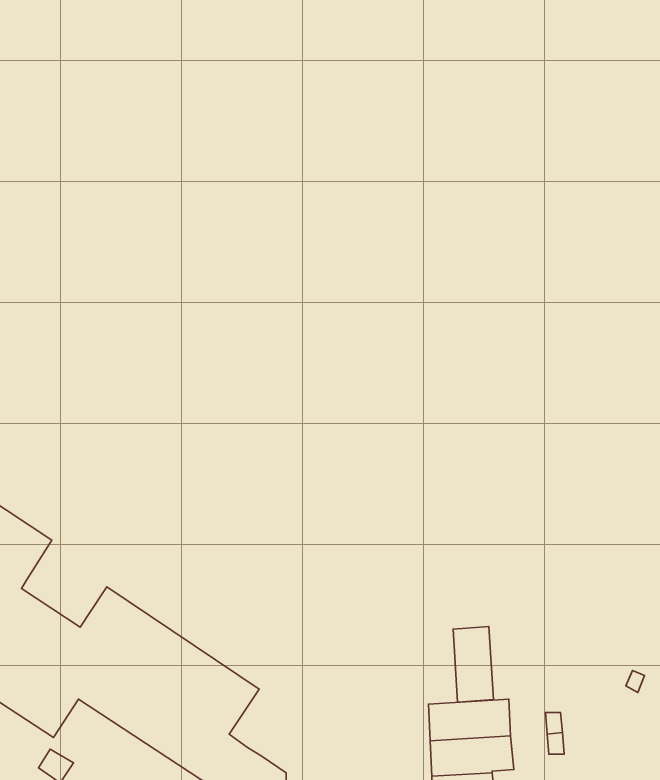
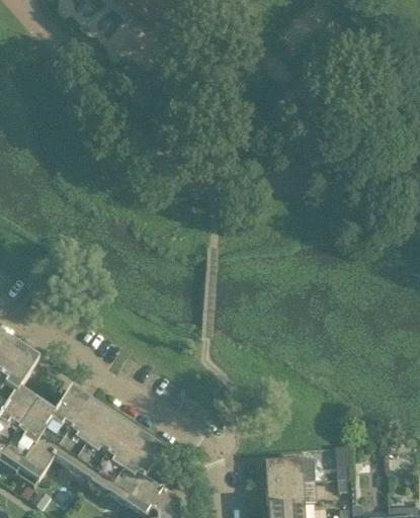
building: [453,626,493,702] -> none

